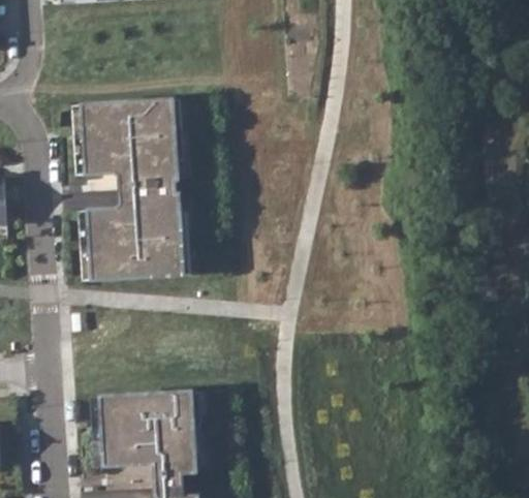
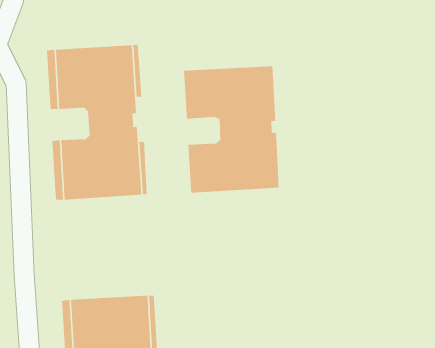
building: none -> [183,66,279,193]

